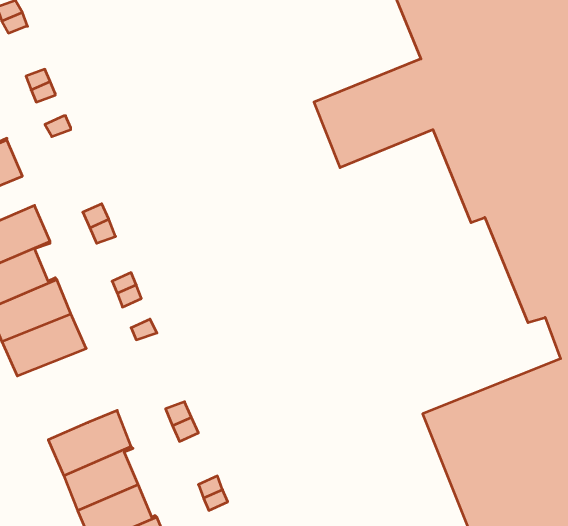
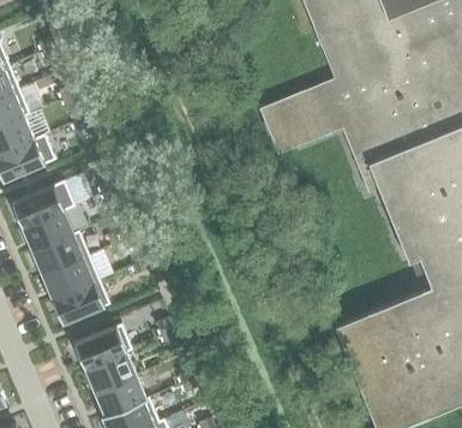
building: none -> [53,281,110,326]

